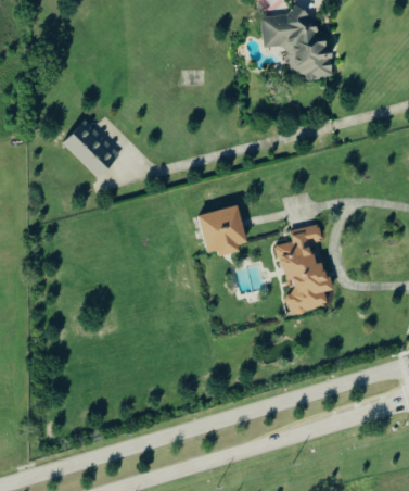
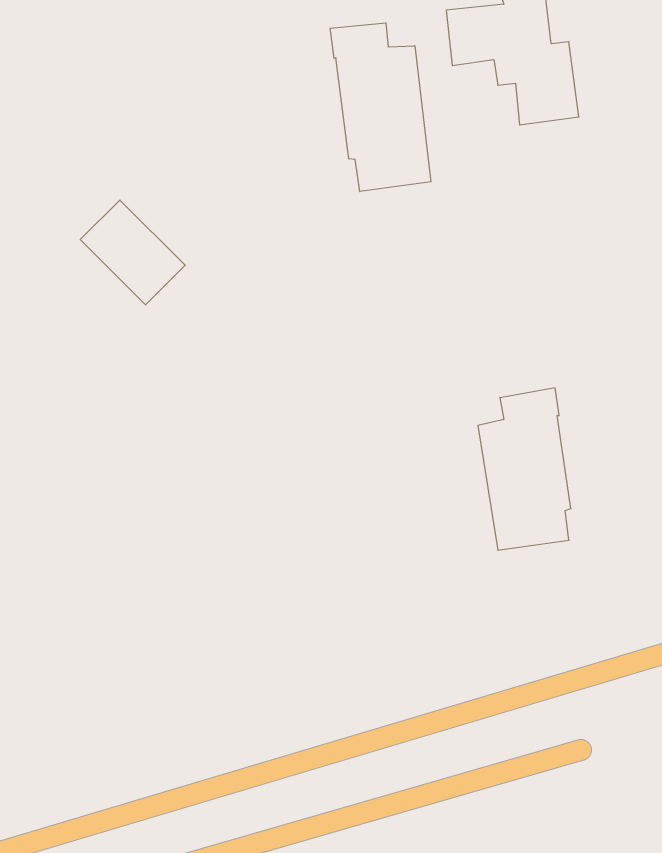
building: none -> [330,23,431,192]
building: [194,207,244,257] -> none

